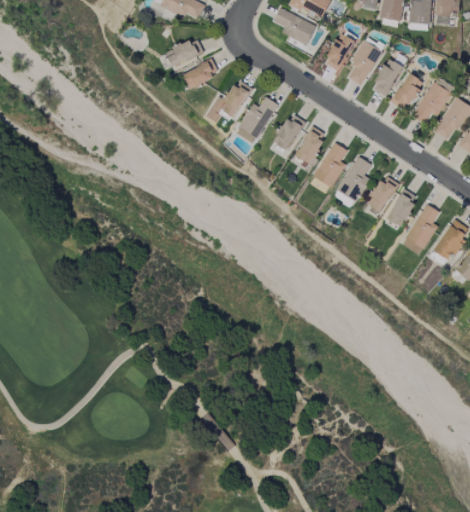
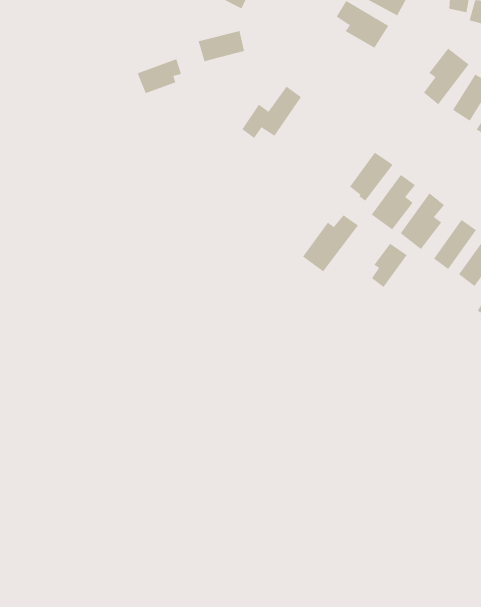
building: [323,33,355,71] -> none
building: [181,60,217,90] -> [137,59,182,94]
building: [235,97,278,144] -> [302,214,359,272]
building: [273,113,305,151] -> none
building: none -> [371,243,408,288]

